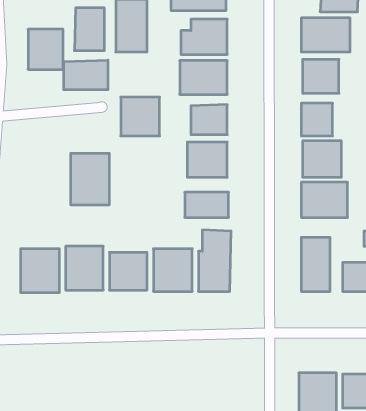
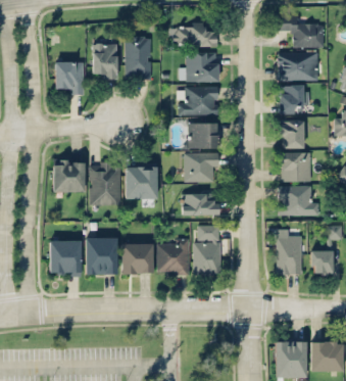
building: [64,60,108,90] -> none
building: [121,97,160,136] -> [126,166,157,198]
building: none -> [53,160,85,191]

